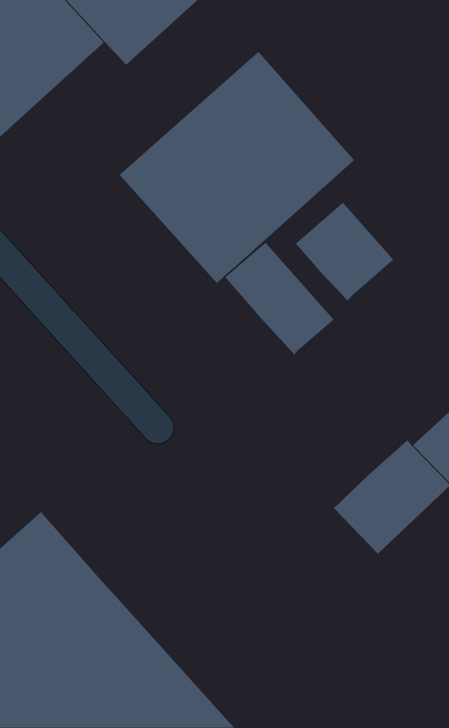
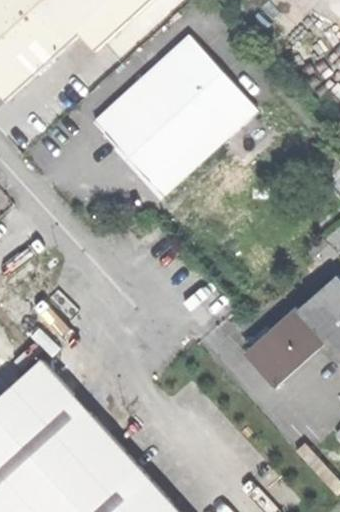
building: [295,202,394,301] -> none
building: [224,242,335,355] -> none

